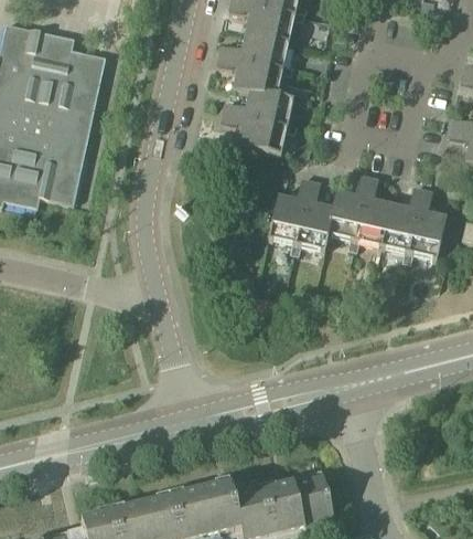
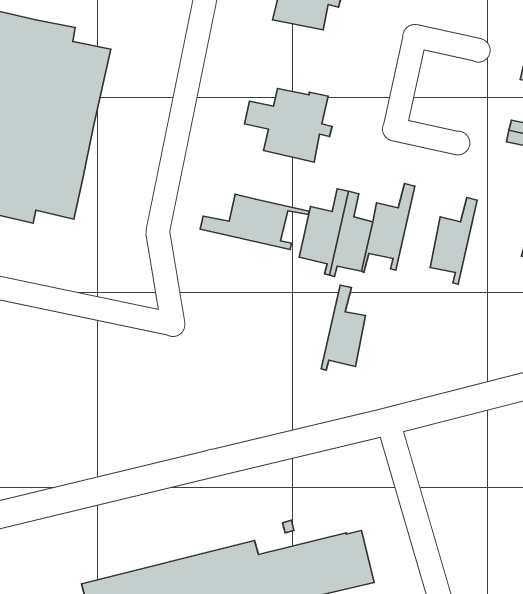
building: [216,30,292,95] -> none
building: [352,175,390,249] -> [321,285,366,370]
building: none -> [200,194,309,250]
building: [406,187,447,261] -> none

